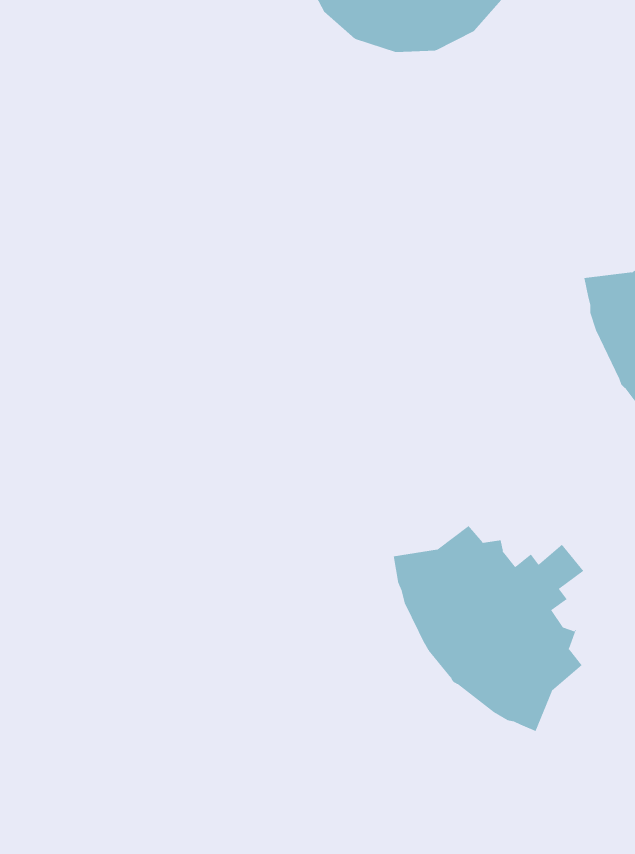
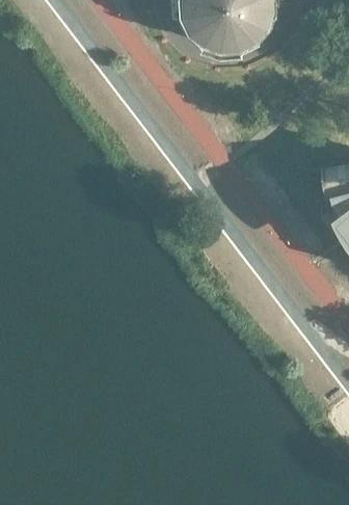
building: [393,525,584,732] -> none

